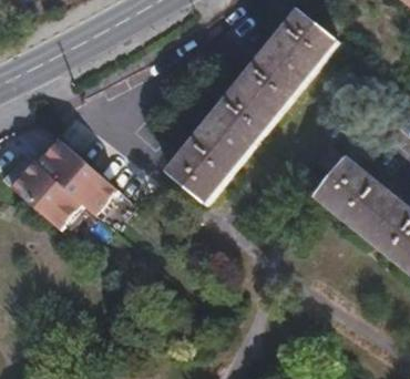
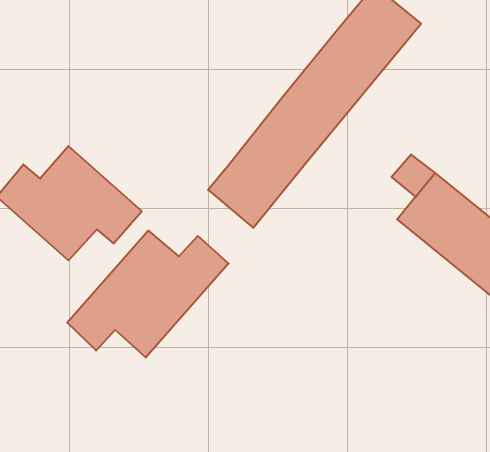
building: none -> [67,231,229,358]

